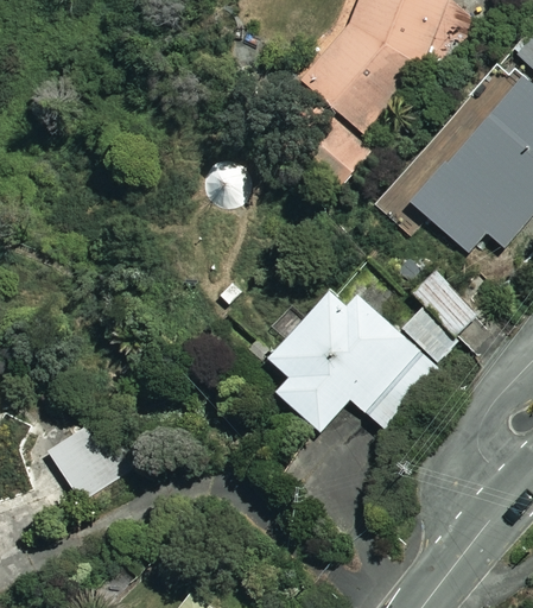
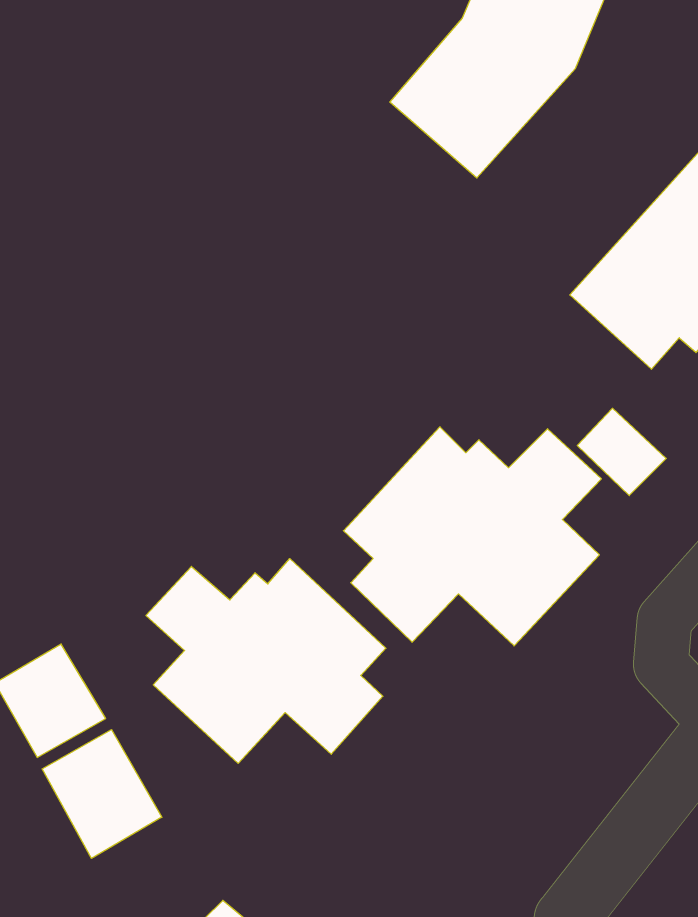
building: none -> [146,559,386,763]
building: none -> [42,730,162,858]

